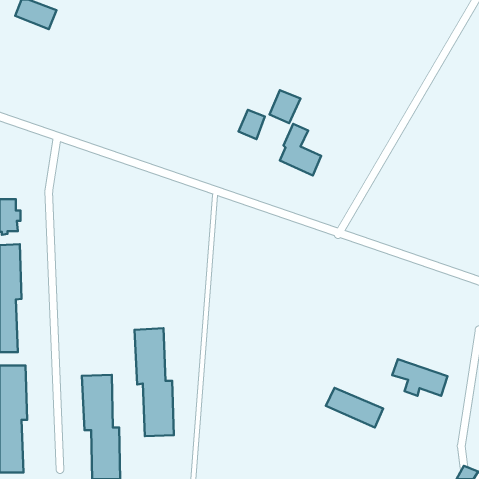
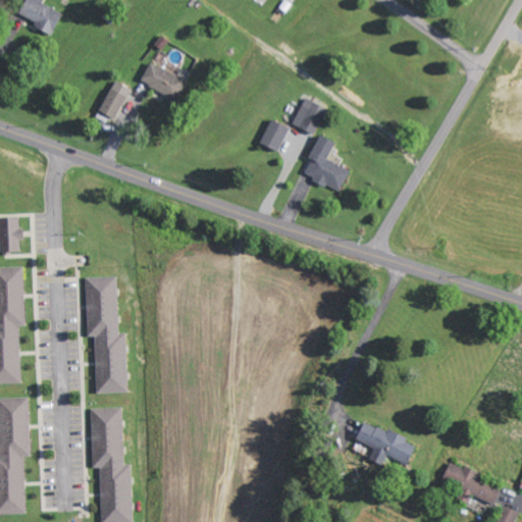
building: none -> [139,62,186,100]
building: none -> [98,80,130,119]
building: [134,328,174,436] -> [84,275,126,393]
building: [392,359,448,396] -> [441,464,502,504]

